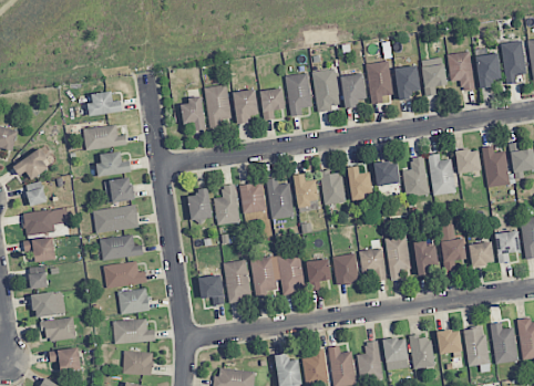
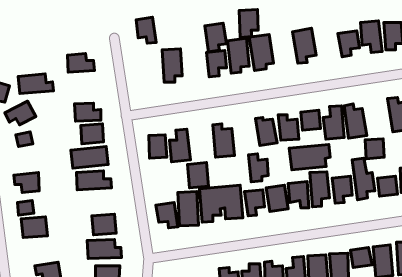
building: [394,66,419,100] -> none
building: [341,74,364,108] -> [239,9,258,37]
building: [232,90,258,125] -> [205,23,227,52]
building: [181,98,205,131] -> [136,17,156,43]
building: [83,125,126,149] -> [18,74,53,94]
building: [455,149,479,174] -> [365,139,384,159]
building: [292,174,317,208] -> [248,154,268,182]
building: [239,182,265,213] -> [188,163,208,188]
building: none -> [289,144,330,170]
building: [23,209,68,233] -> none
building: [104,262,146,288] -> none
building: [40,319,75,342] -> none

